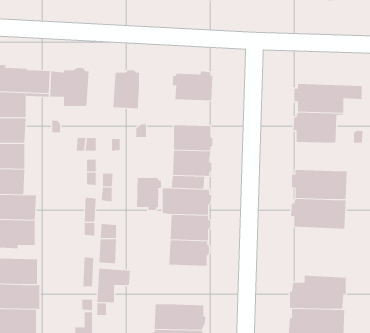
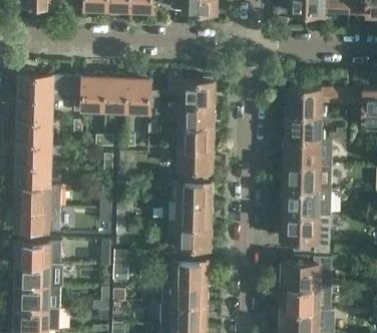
building: none -> [104,76,128,110]
building: none -> [179,103,216,126]
building: none -> [284,140,320,165]
building: [136,177,162,211] -> none
building: none -> [282,215,330,254]
building: none -> [166,260,211,283]

